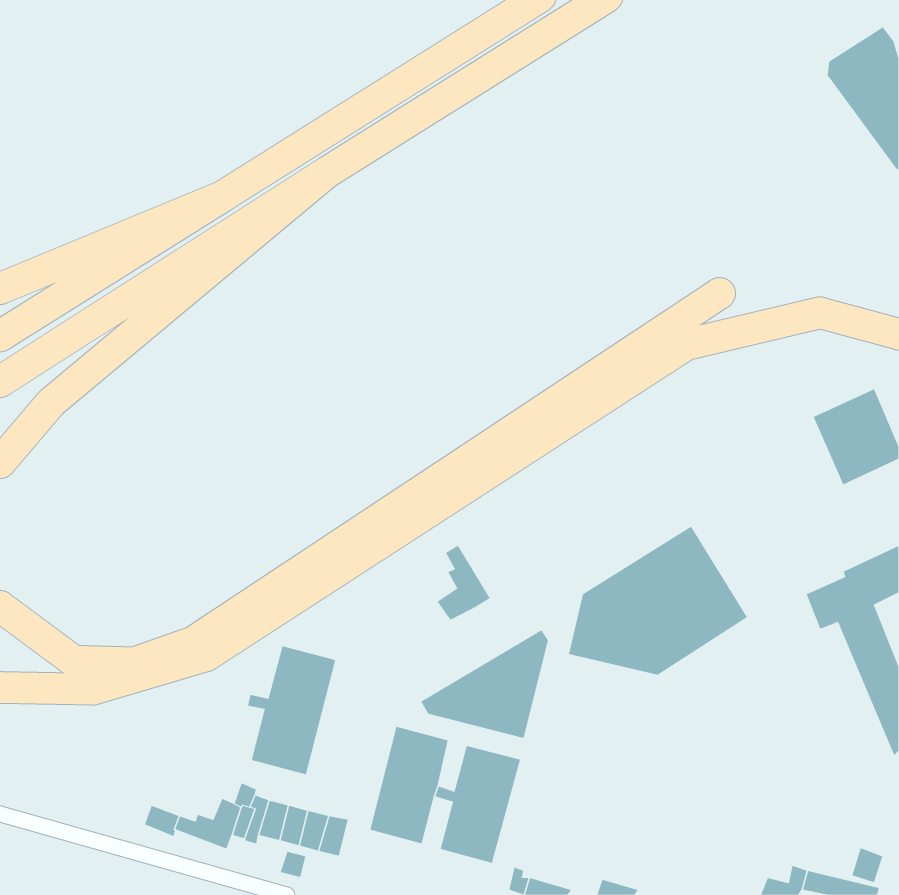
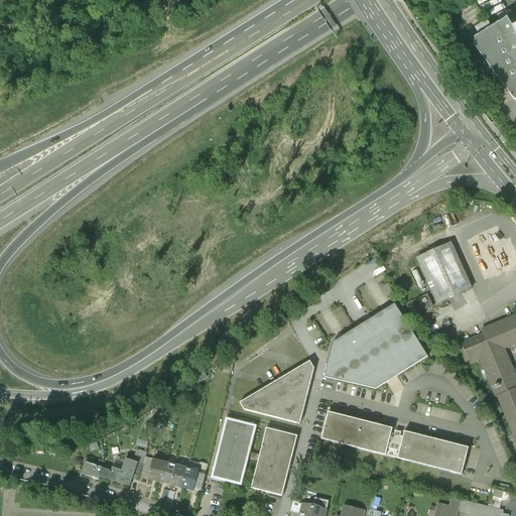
building: none -> [415,241,472,302]
building: [437,544,491,621] -> none
building: [248,646,336,775] -> none
building: none -> [322,411,470,474]

